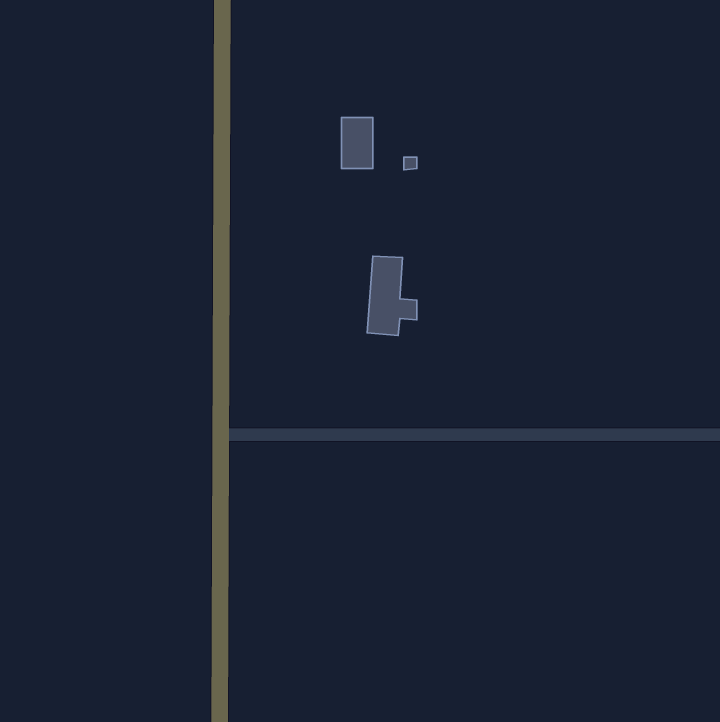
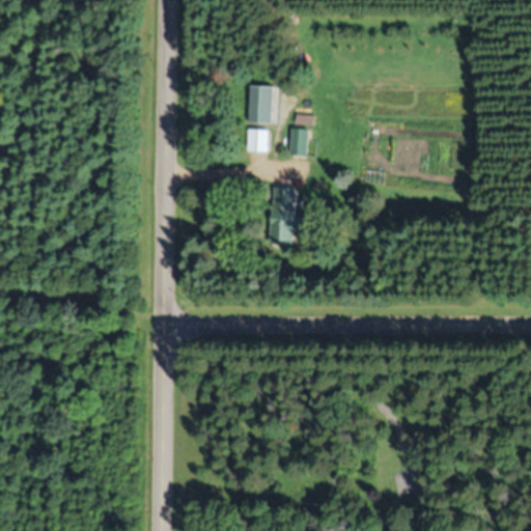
building: none -> [289,128,307,156]
building: none -> [247,130,268,151]

